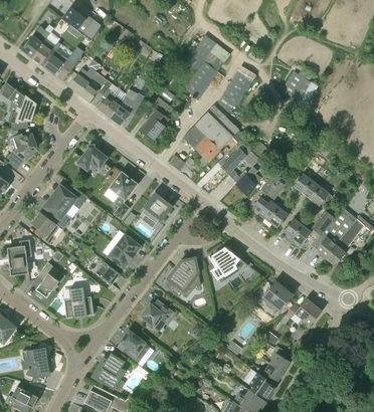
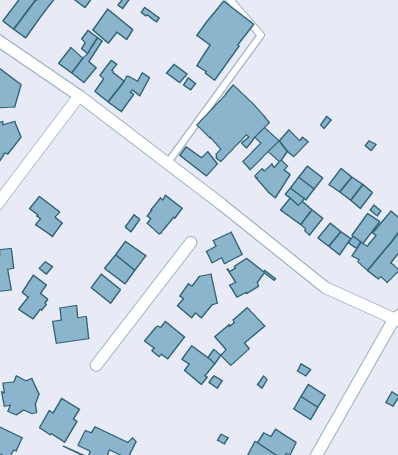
building: [40,47,73,75] -> [93,9,133,43]
building: [280,70,316,106] -> none
building: [216,72,250,112] -> none
building: [139,95,169,140] -> none
building: [75,145,107,170] -> none
building: [109,172,137,219] -> none
building: [51,185,86,209] -> none
building: [30,212,58,244] -> none
building: none -> [206,232,242,264]
building: [261,280,292,311] -> none
building: none -> [215,308,265,365]
building: [285,297,321,326] -> none
building: [120,331,147,363] -> [182,346,215,385]
building: [91,352,125,388] -> [40,398,80,442]
building: [245,372,273,400] -> none

